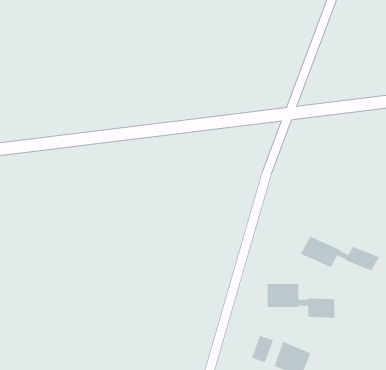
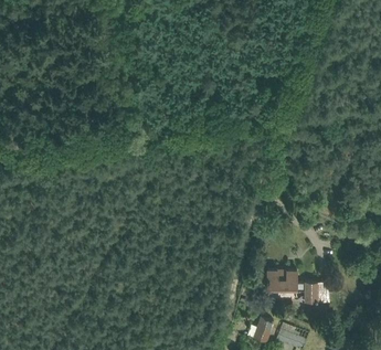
building: [300,236,380,271] -> none

